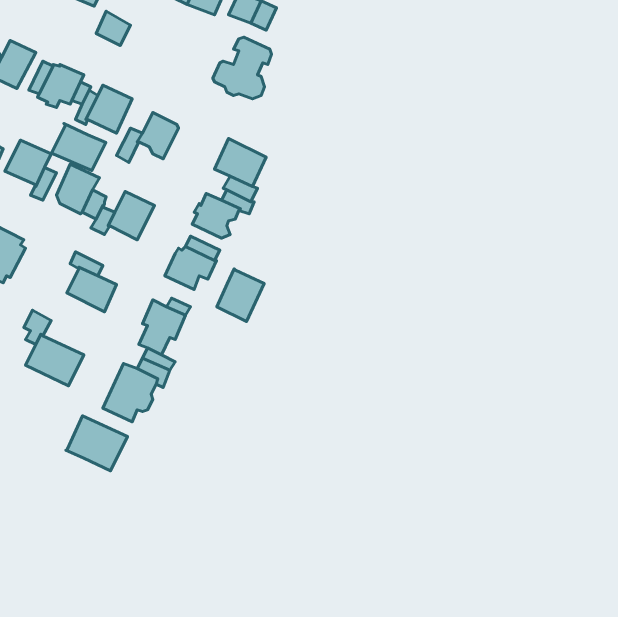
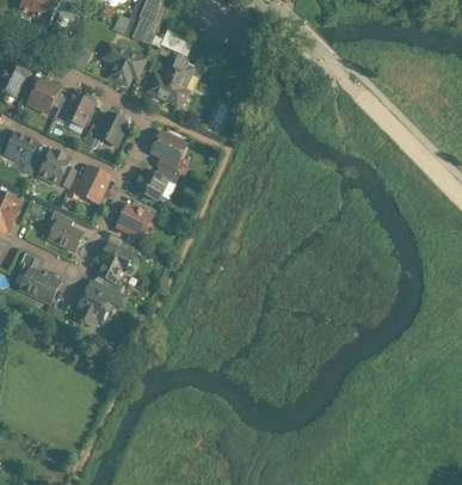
building: none -> [103,43,146,84]
building: [52,124,106,170] -> none
building: [217,269,264,321] -> none
building: [66,416,127,471] -> none

